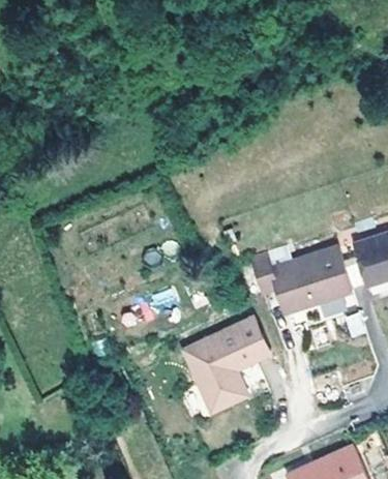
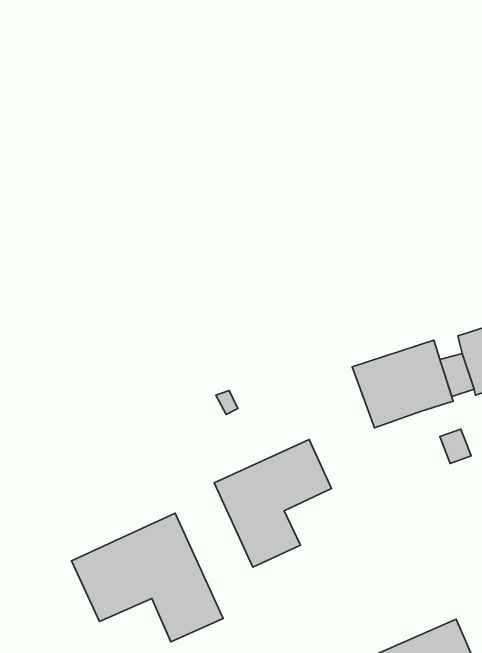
building: [251,257,297,315] -> none
building: none -> [72,513,223,642]

